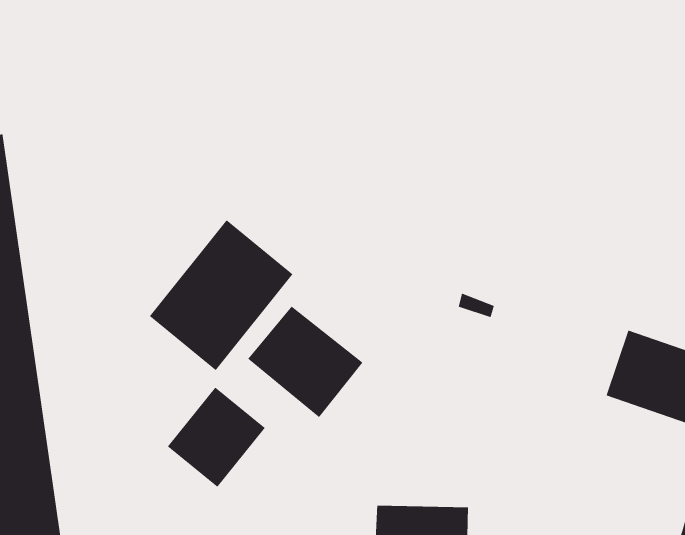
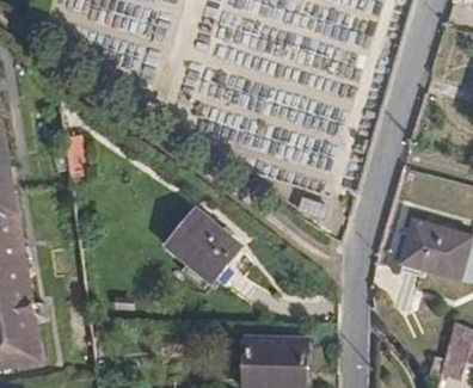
building: [149,219,294,371] -> none
building: [167,386,266,488] -> none

